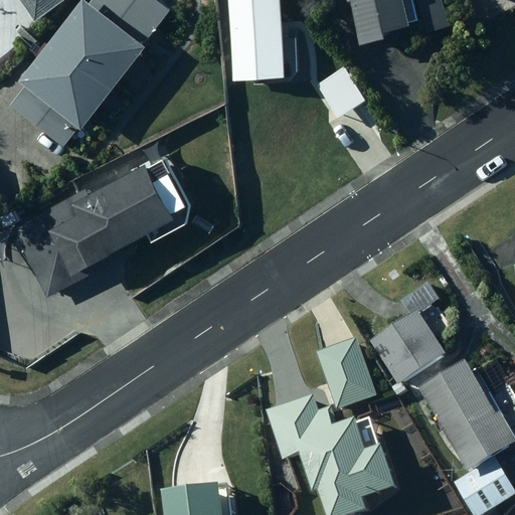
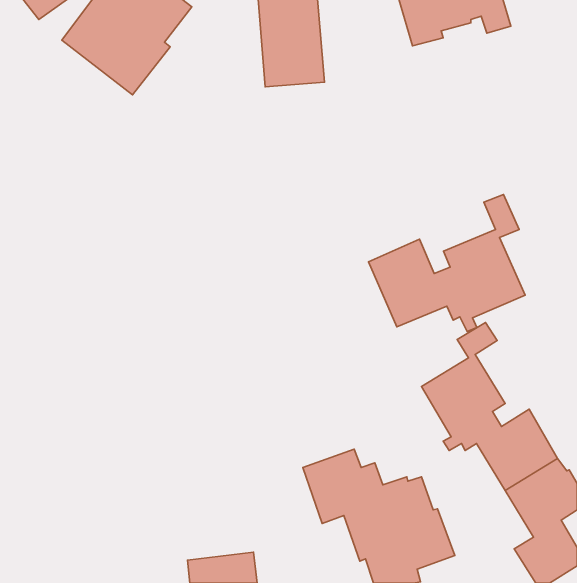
building: [11,35,117,142] -> none
building: [14,165,173,290] -> none
building: none -> [368,194,525,332]
building: [316,339,375,409] -> none

